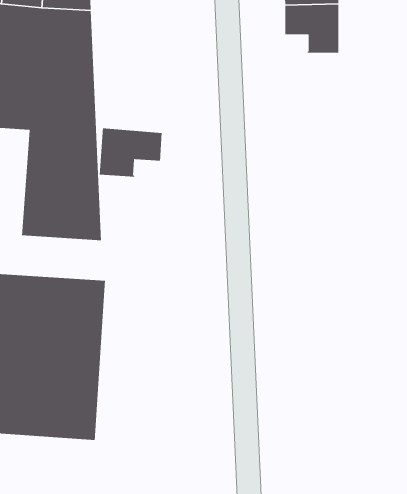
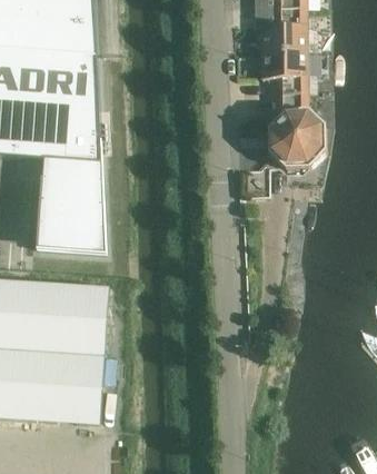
building: none -> [264,92,325,174]
building: [99,127,163,178] -> none

